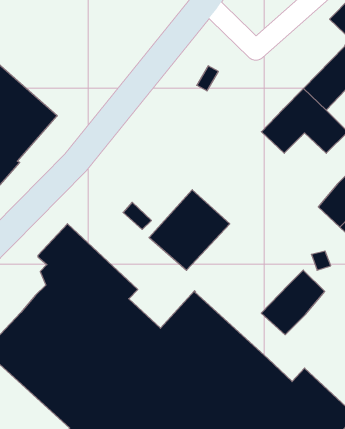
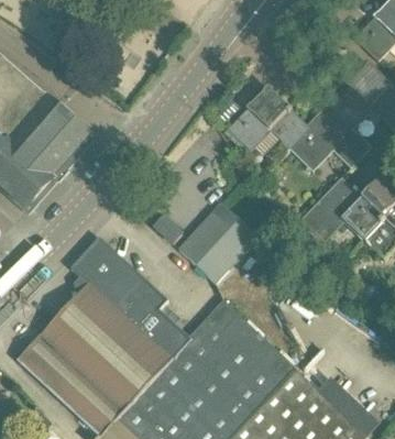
building: none -> [226,87,308,151]
building: [261,270,325,335] -> [299,178,361,241]

